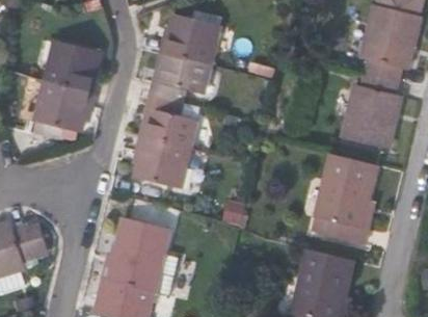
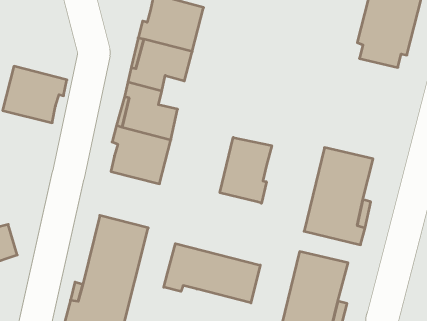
building: [45,39,100,93] -> none
building: [342,73,400,150] -> none
building: none -> [220,137,272,203]
building: none -> [164,244,260,303]

